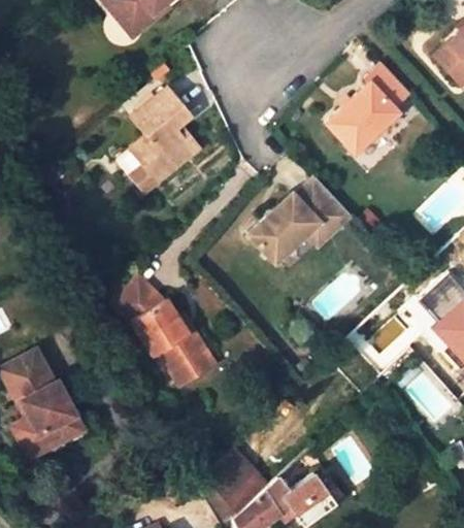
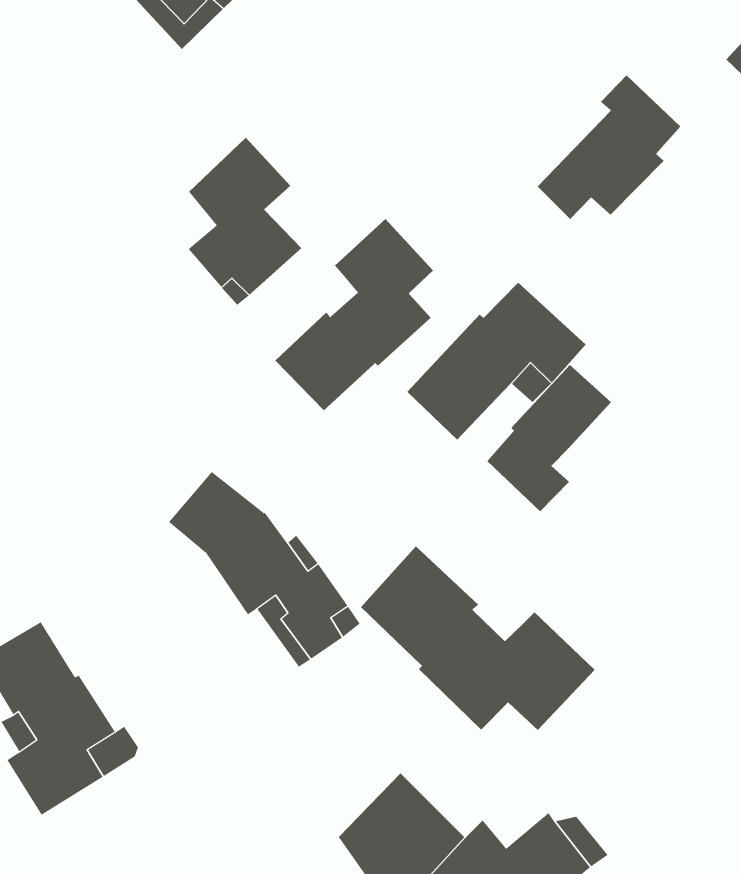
building: none -> [274,218,434,411]
building: none -> [486,364,612,512]
building: none -> [360,546,596,731]

